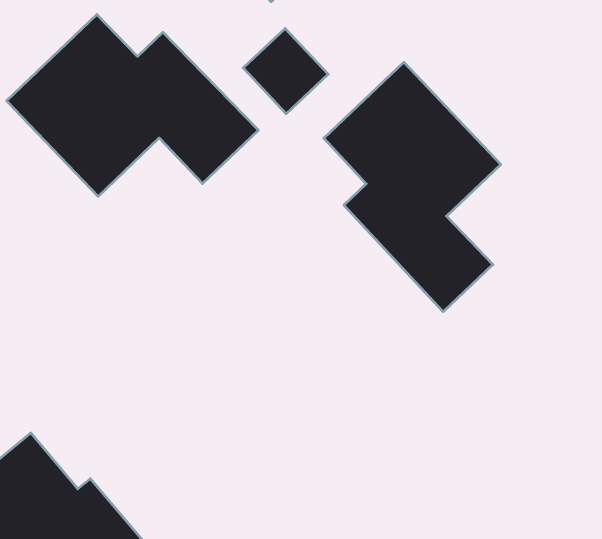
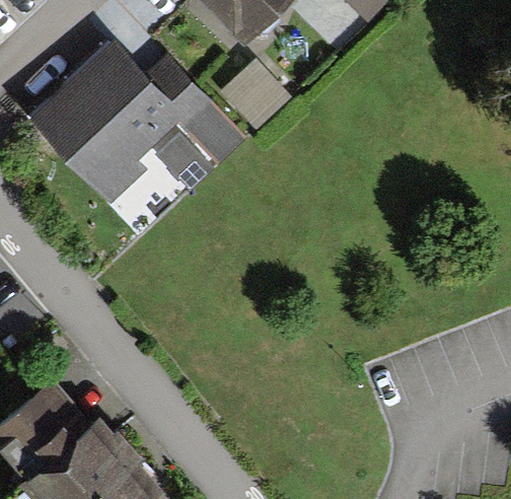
building: [324,62,501,312] -> none

